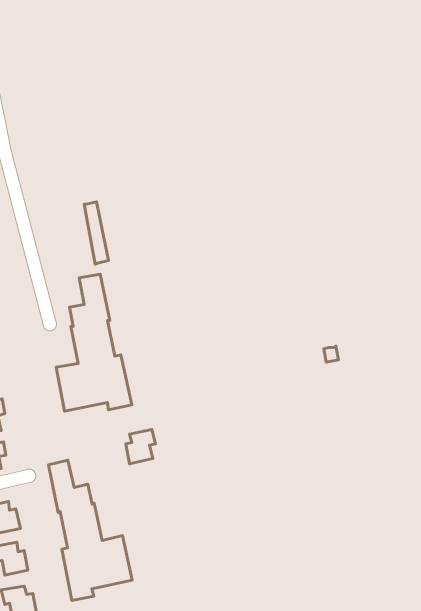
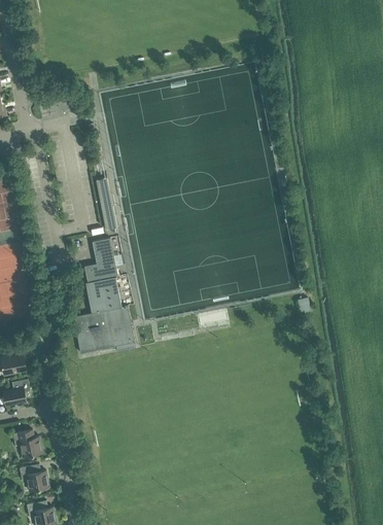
building: [126,429,155,464] -> none
building: [49,460,132,601] -> none

